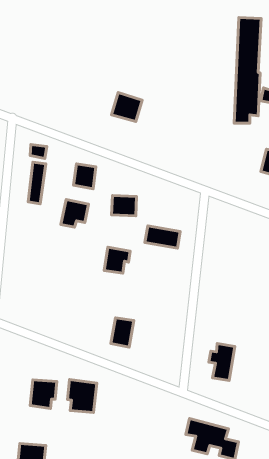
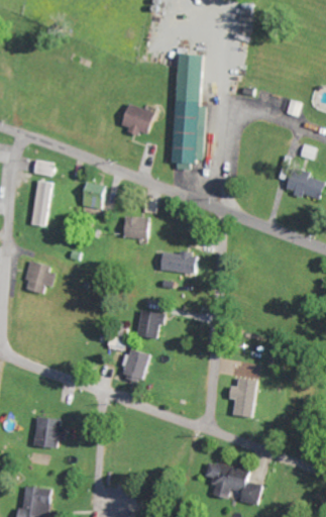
building: [234,18,261,123] -> [174,54,203,169]
building: [61,199,89,227] -> [23,261,53,291]
building: [104,247,130,273] -> [136,310,165,338]
building: [67,380,97,412] -> none

